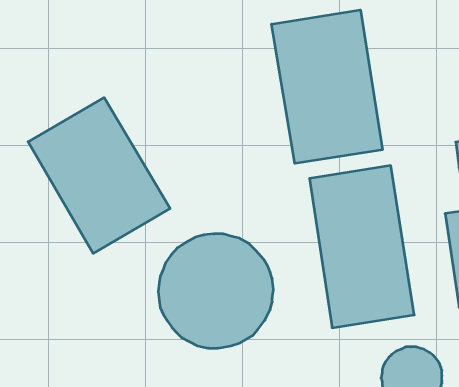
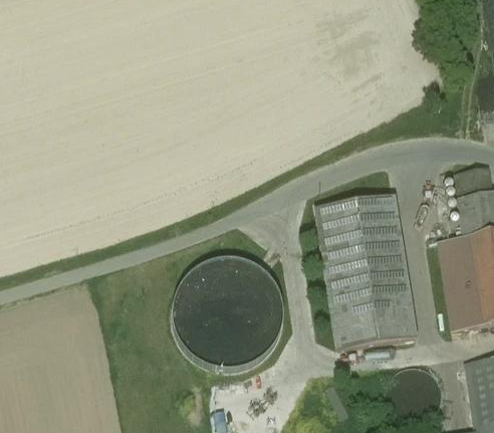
building: [272,10,382,163] -> none
building: [28,98,170,253] -> none

